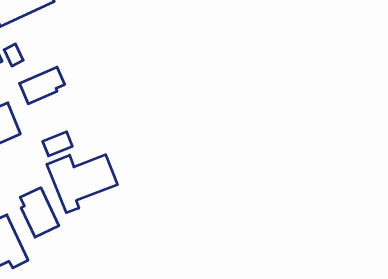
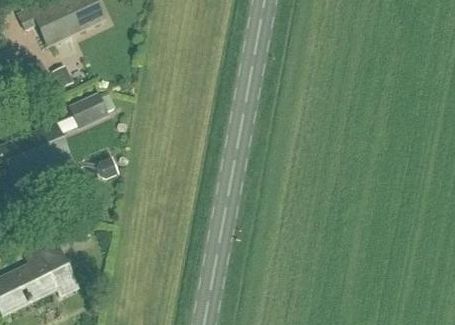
building: [47,155,117,213] -> none
building: [20,188,59,237] -> none

